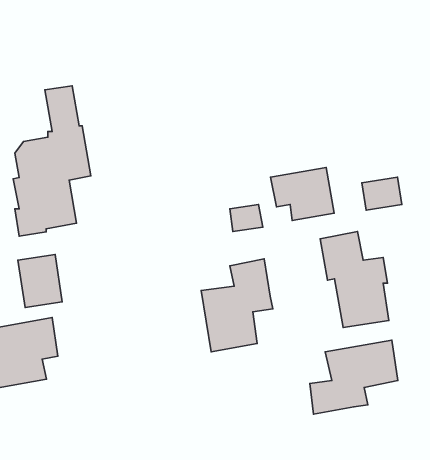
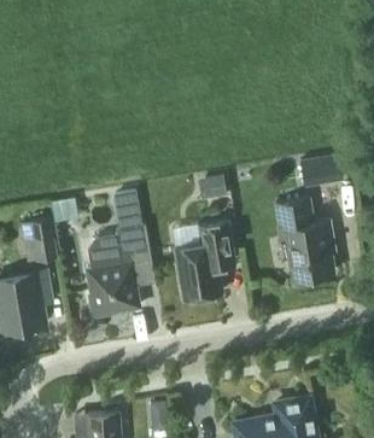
building: [13,86,91,236] -> [87,192,152,319]
building: [270,168,334,220] -> none
building: [310,340,398,414] -> none

